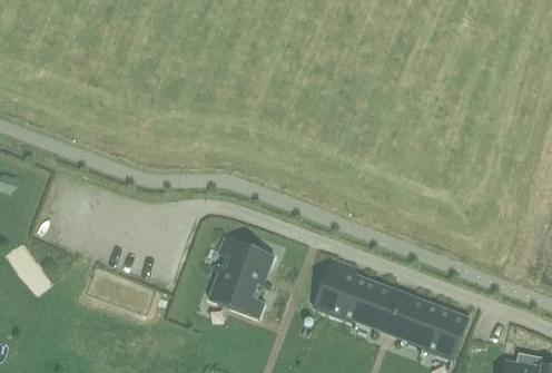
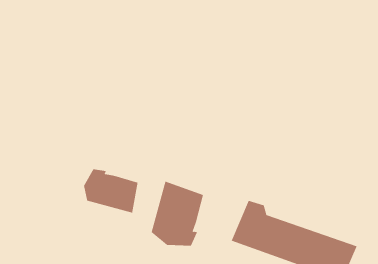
building: none -> [83,169,138,213]

